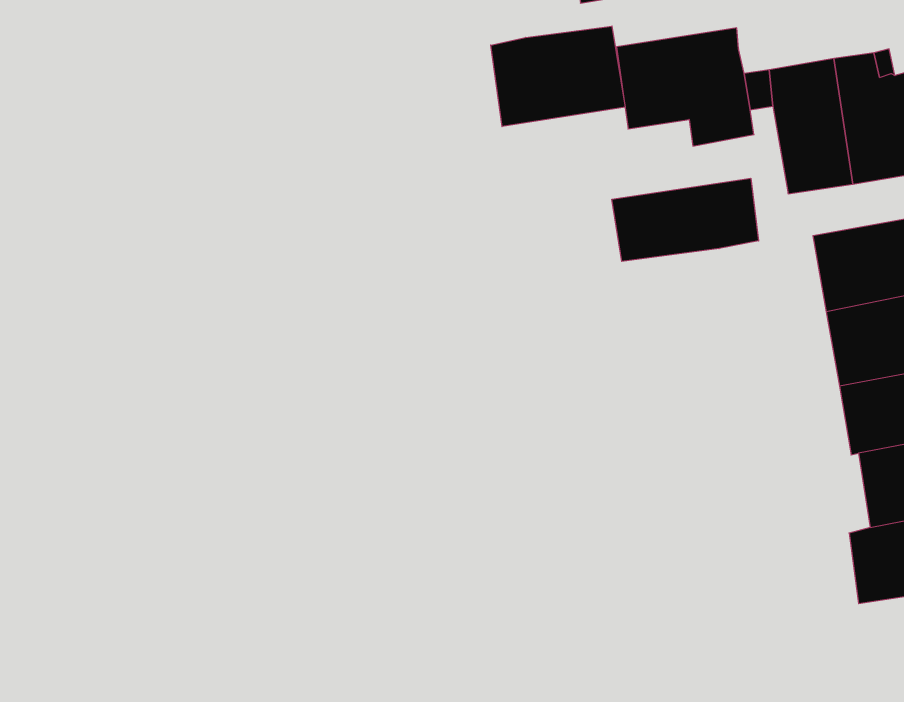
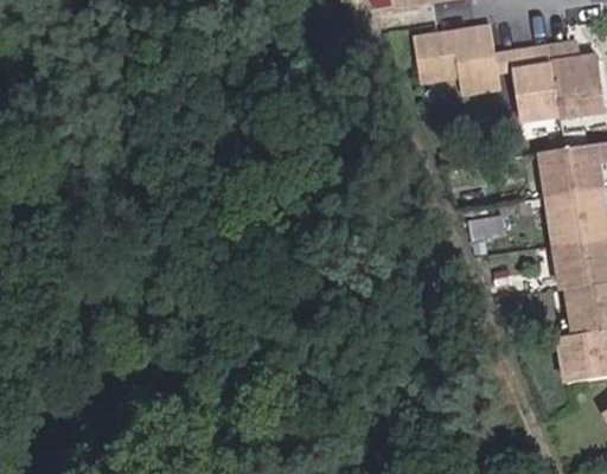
building: [491,26,625,127] -> none
building: [612,178,759,261] -> none

